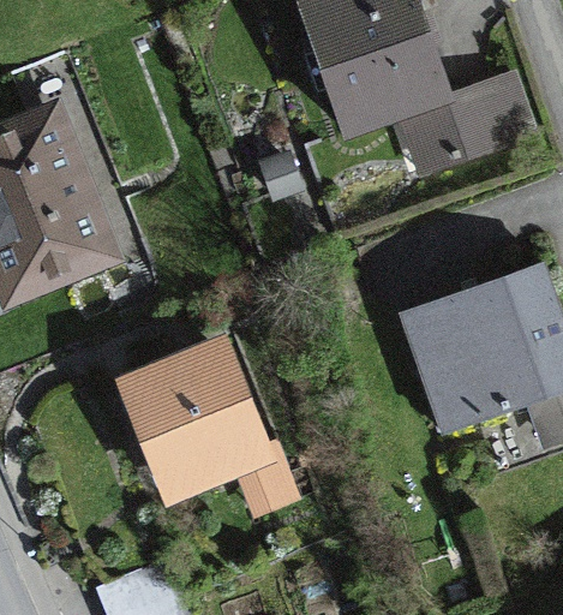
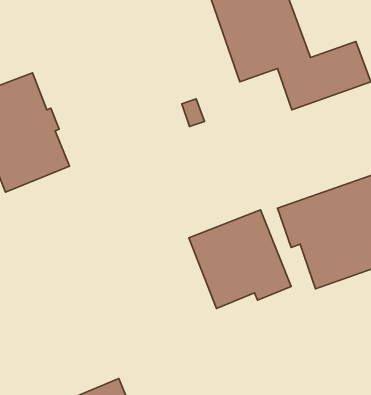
building: none -> [189,210,291,308]
building: [131,352,257,488] -> none

